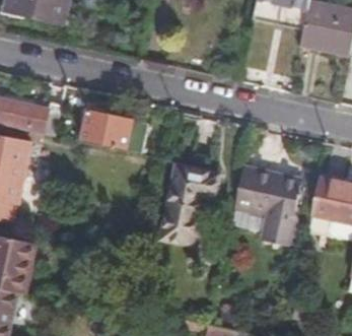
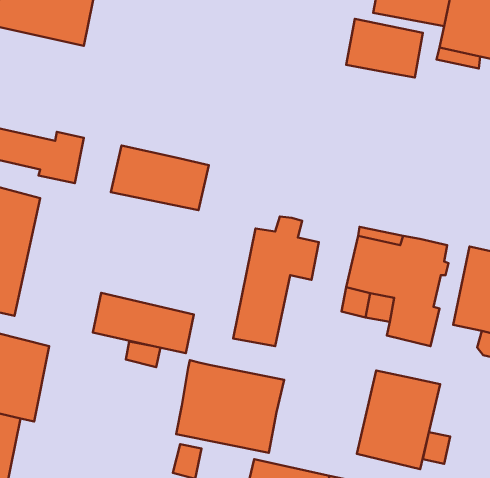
building: none -> [346,19,423,78]
building: none -> [93,293,194,353]
building: none -> [176,360,284,453]
building: none -> [357,371,440,469]

